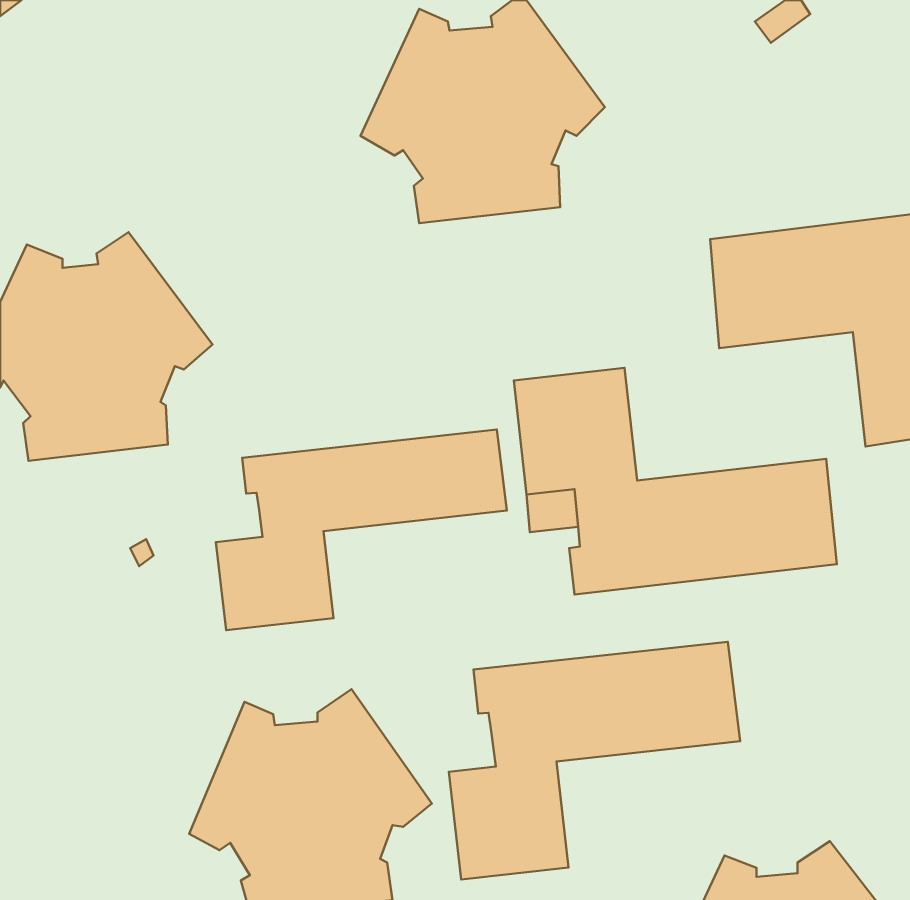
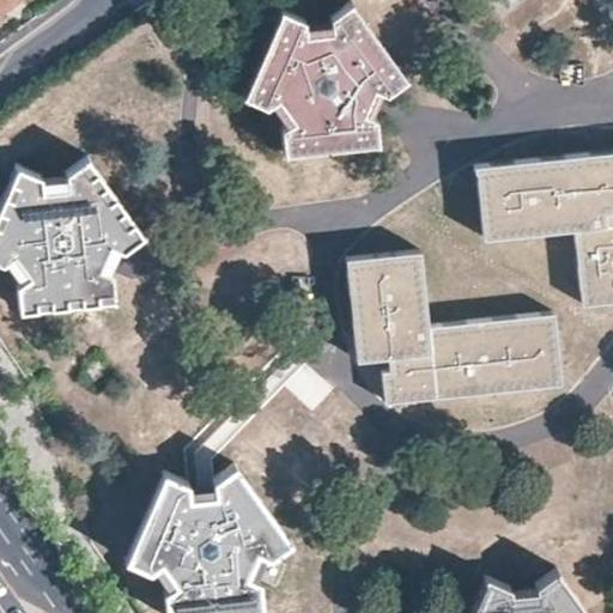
building: [216,430,507,630] -> none
building: [449,642,740,879] -> none

